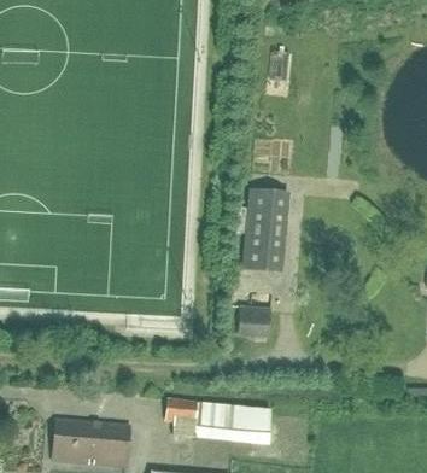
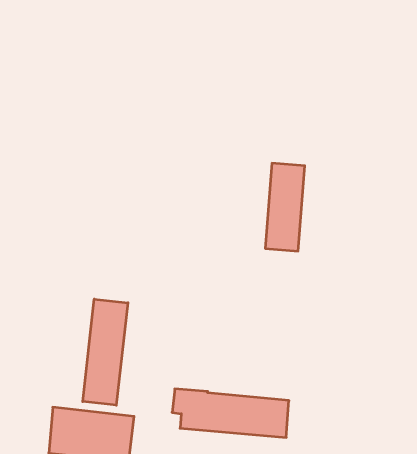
building: [235,304,269,337] -> none
building: none -> [83,299,128,405]

